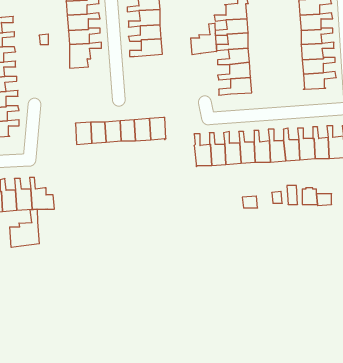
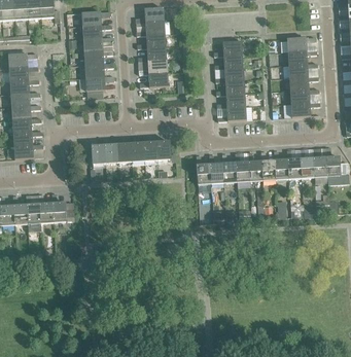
building: [191,23,217,55] -> none
building: [10,209,39,247] -> none

